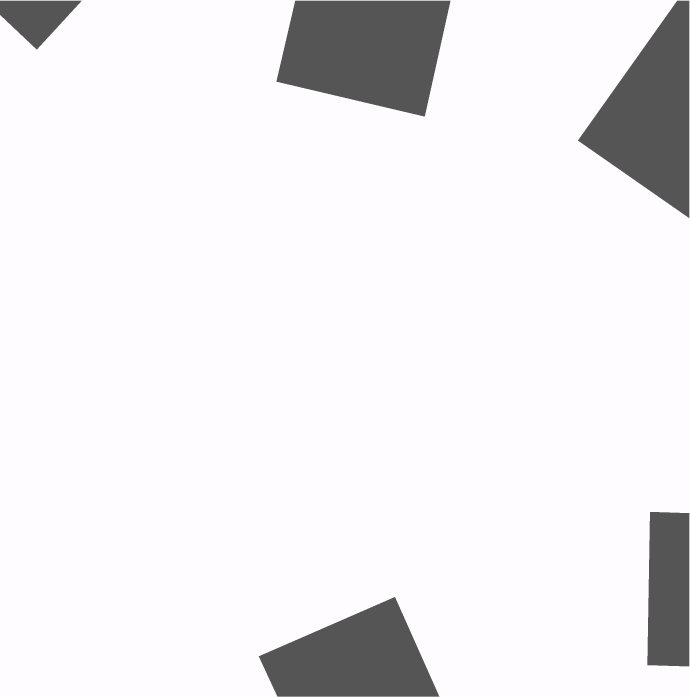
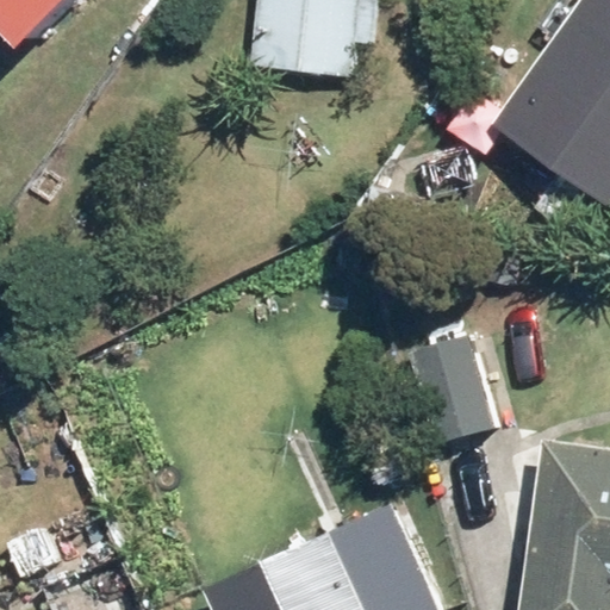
building: none -> [409,322,512,454]

